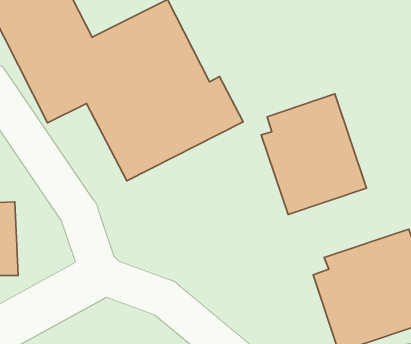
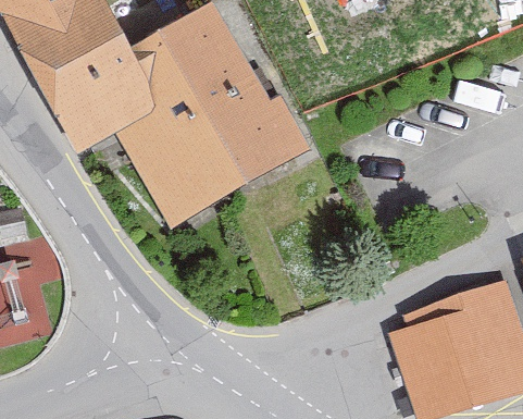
building: [261,94,367,214] -> none

